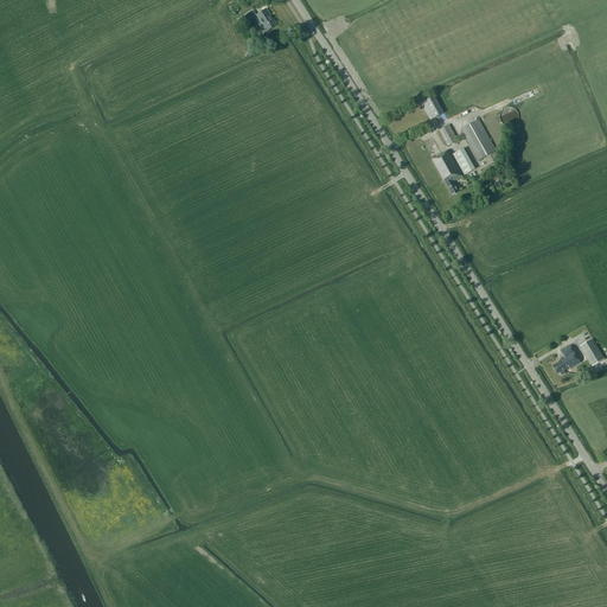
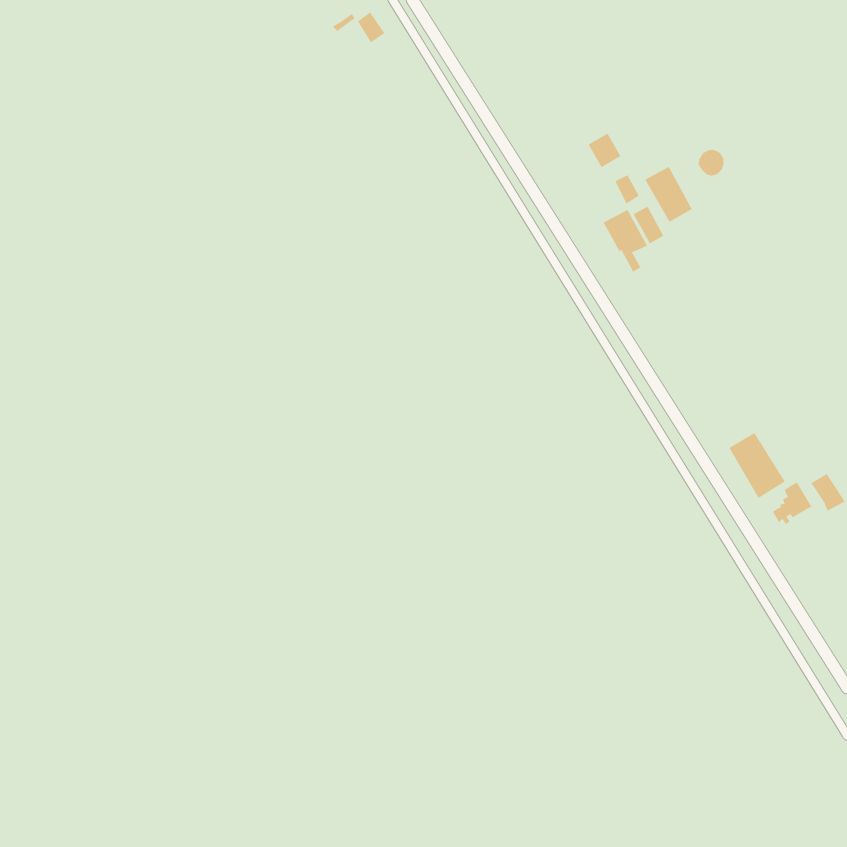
building: none -> [728,432,785,499]

